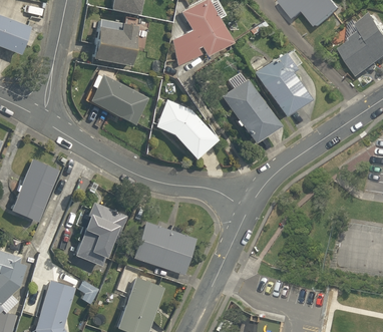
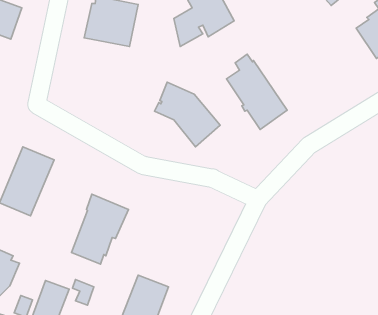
building: [252,51,307,115] -> none
building: [86,73,147,124] -> none
building: [134,222,198,276] -> none

